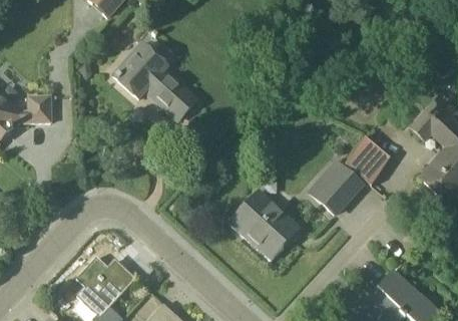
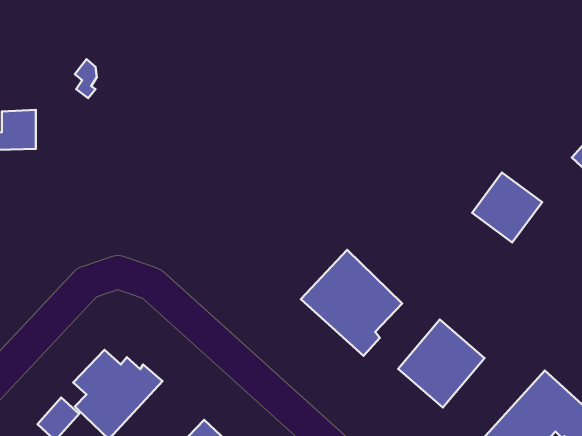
building: [113,43,196,119] -> none
building: [308,157,366,217] -> [398,320,484,407]

